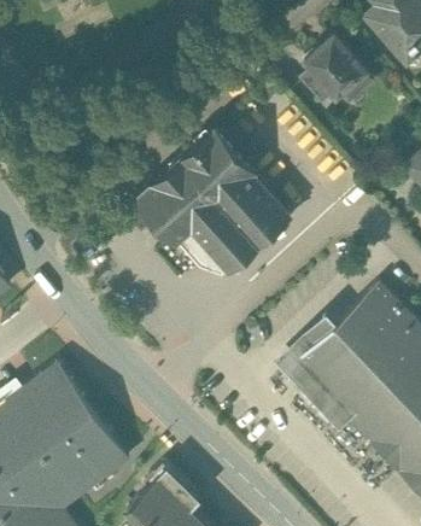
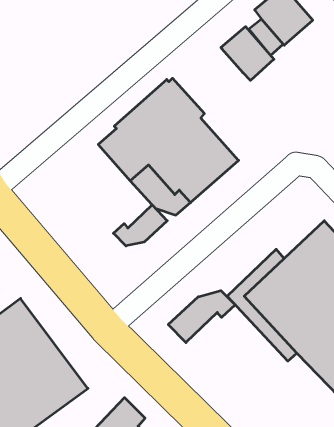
building: none -> [221,27,274,80]
building: none -> [113,205,167,246]
building: none -> [168,291,235,343]

